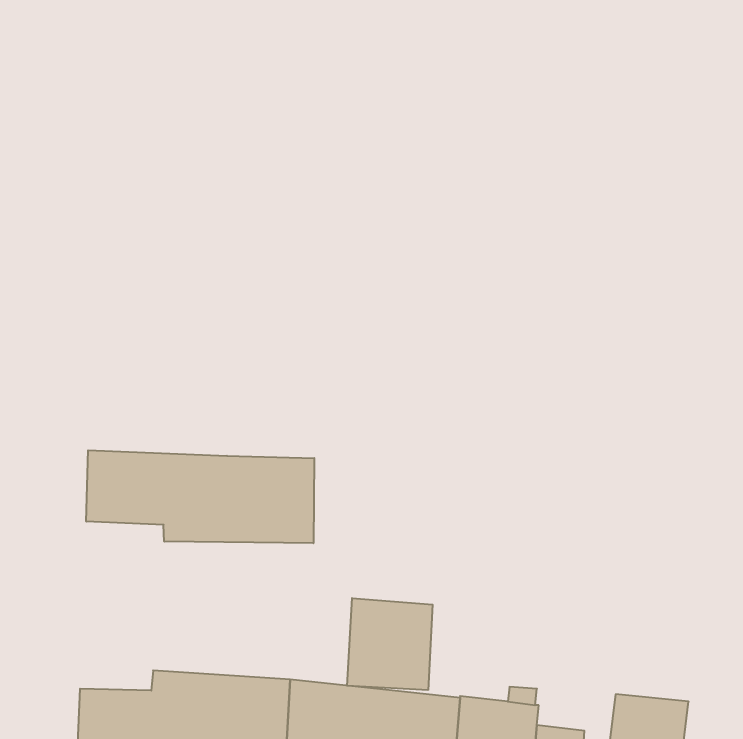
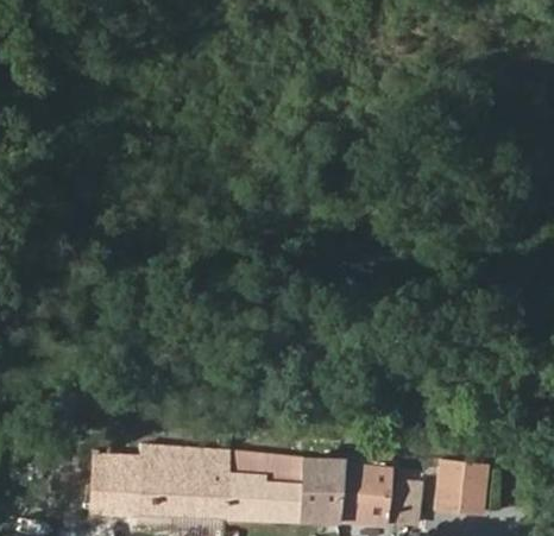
building: [86,450,314,543] -> none
building: [347,598,433,690] -> none

